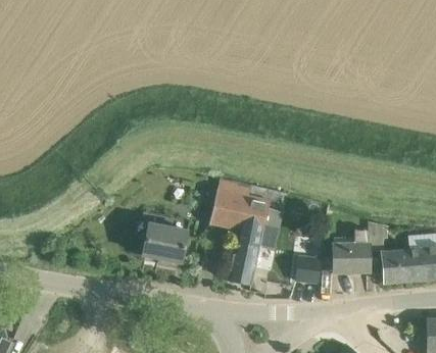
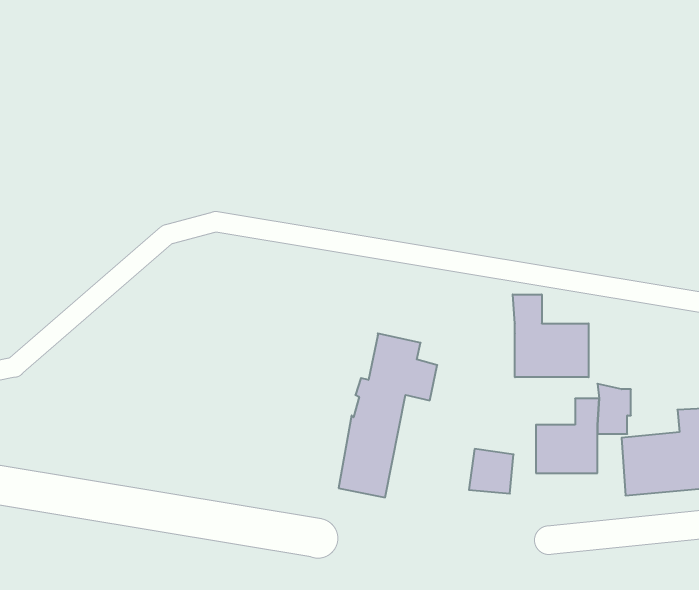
building: none -> [513,294,589,377]
building: [210,180,250,229] -> none
building: [142,214,188,262] -> none

